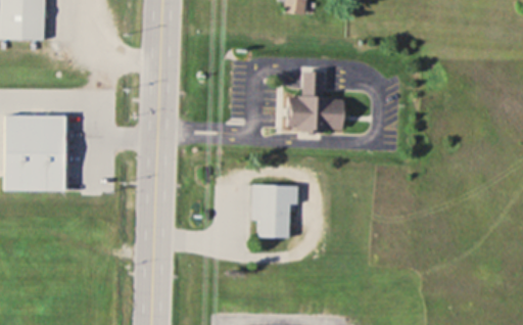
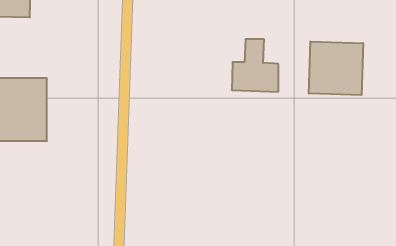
building: none -> [309,41,363,95]
building: [252,185,297,238] -> none

